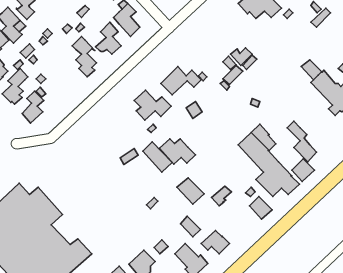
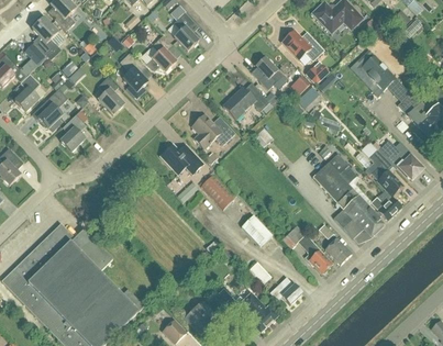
building: none -> [281,29,323,59]
building: none -> [361,54,396,90]
building: none -> [256,57,288,89]
building: none -> [98,76,123,114]
building: none -> [377,139,423,179]
building: [160,139,195,164] -> [160,144,202,174]
building: none -> [296,232,332,272]

